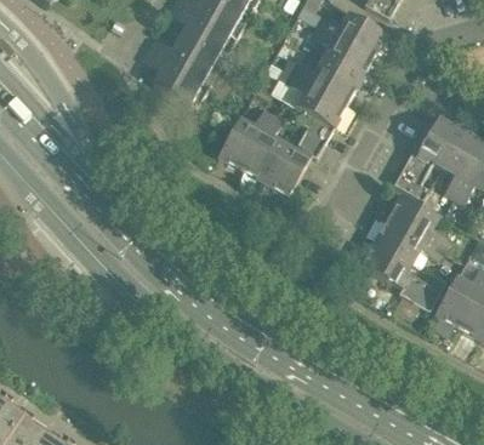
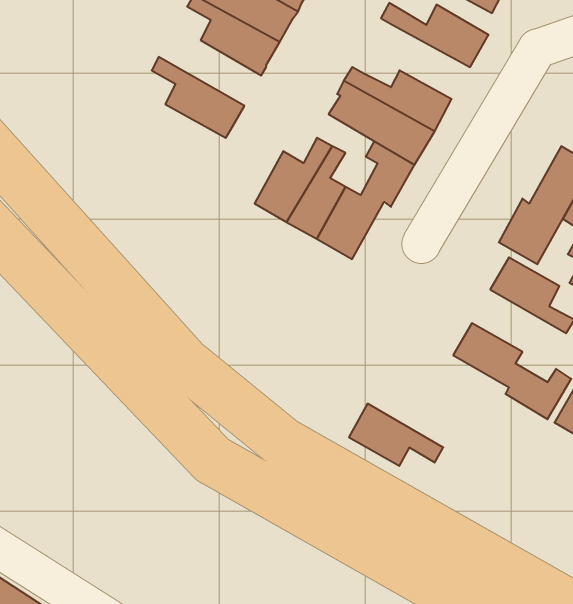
building: [312,25,374,79] -> none
building: [149,36,223,84] -> none
building: [375,216,443,261] -> [349,404,443,466]

